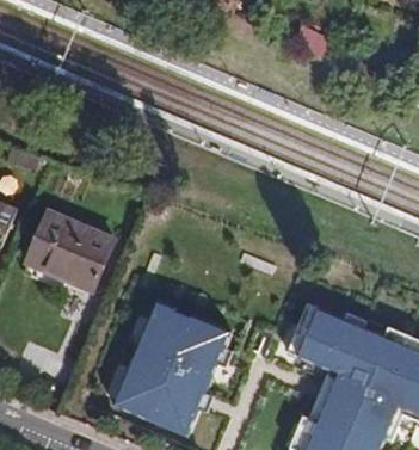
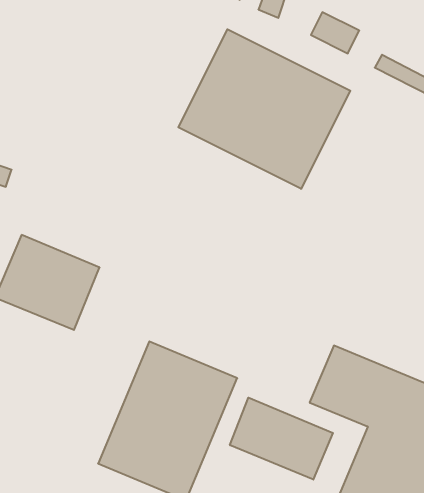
building: none -> [178,29,350,189]
building: none -> [230,398,333,480]

